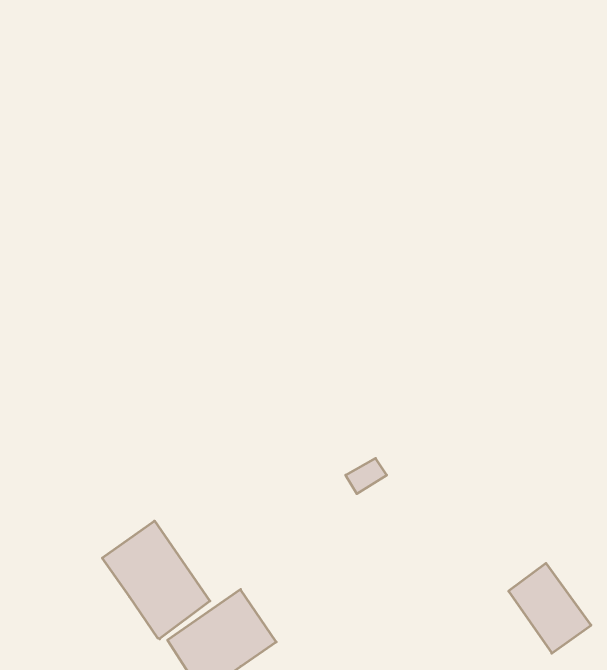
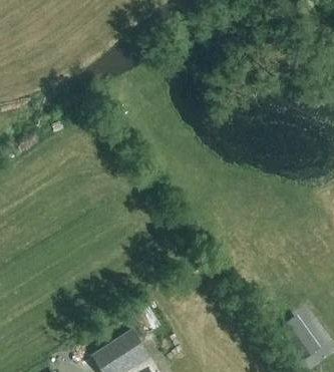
building: [102,521,210,639] -> none

